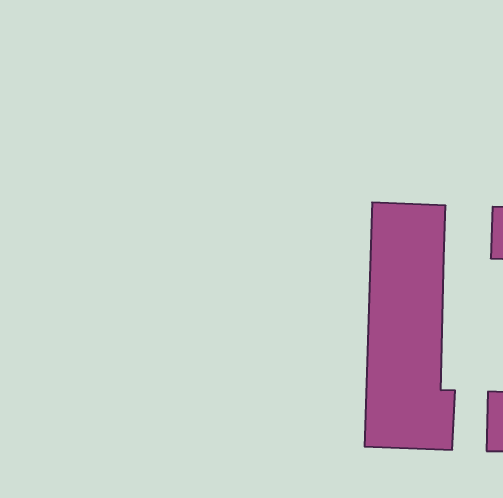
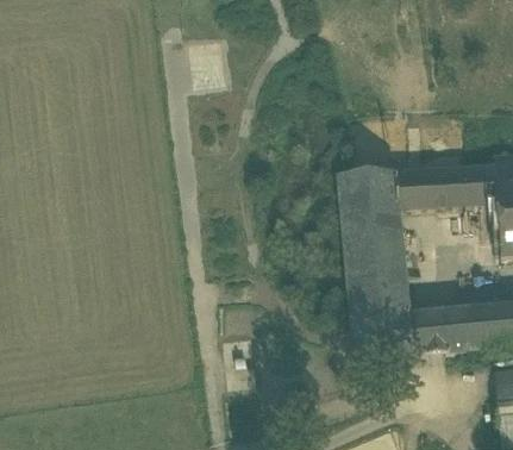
building: none -> [398,167,437,210]
building: none -> [423,307,452,355]

